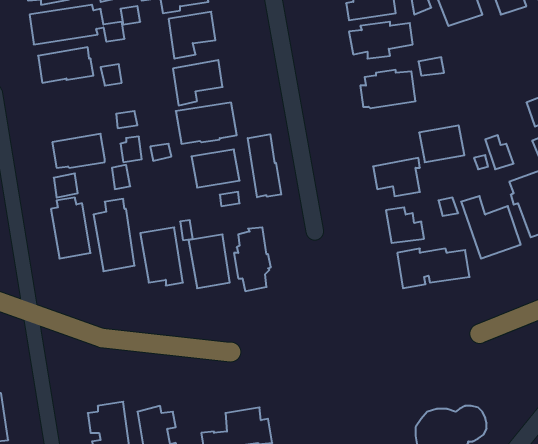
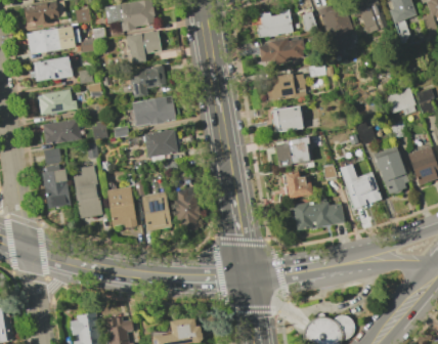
building: none -> [39,89,78,115]
building: [419,125,464,162] -> [270,105,303,132]
building: [248,134,281,197] -> none

